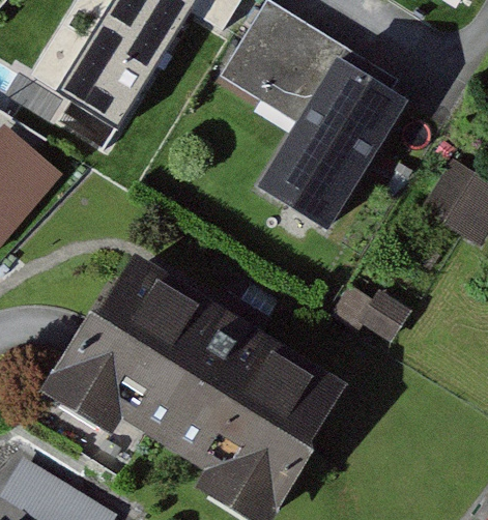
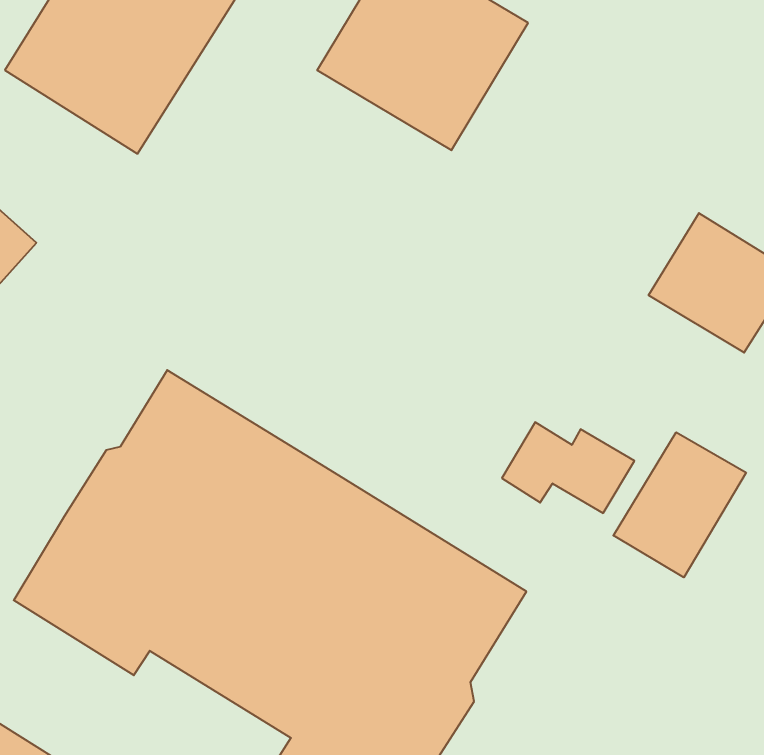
building: [259,58,407,232] -> none
building: none -> [613,432,746,577]

